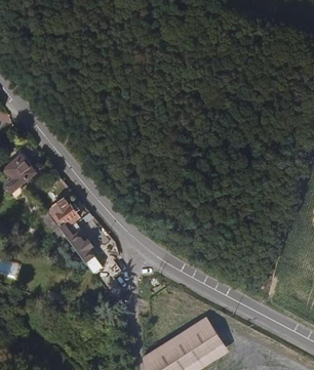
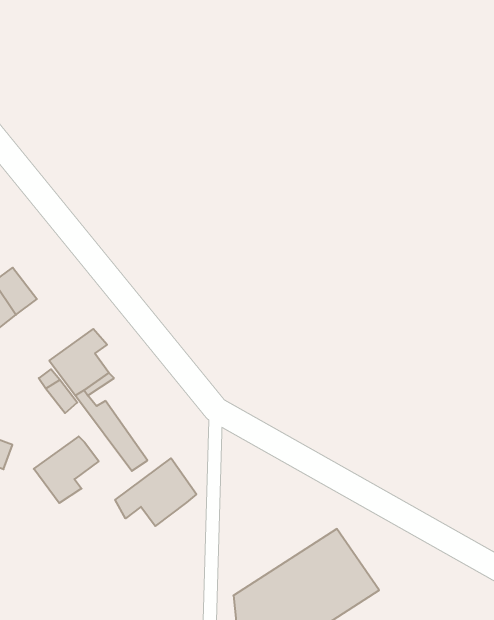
building: none -> [34,436,99,503]
building: none -> [115,458,196,526]

